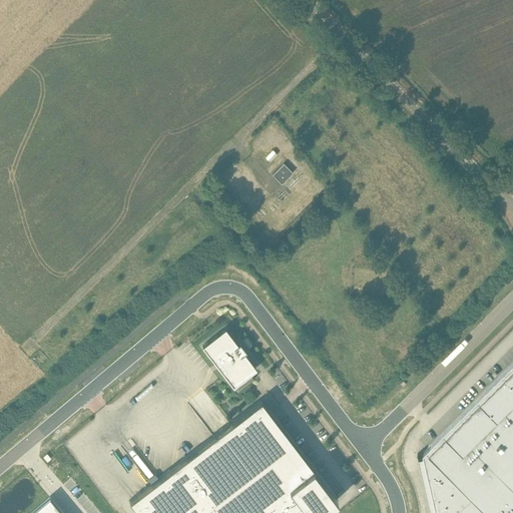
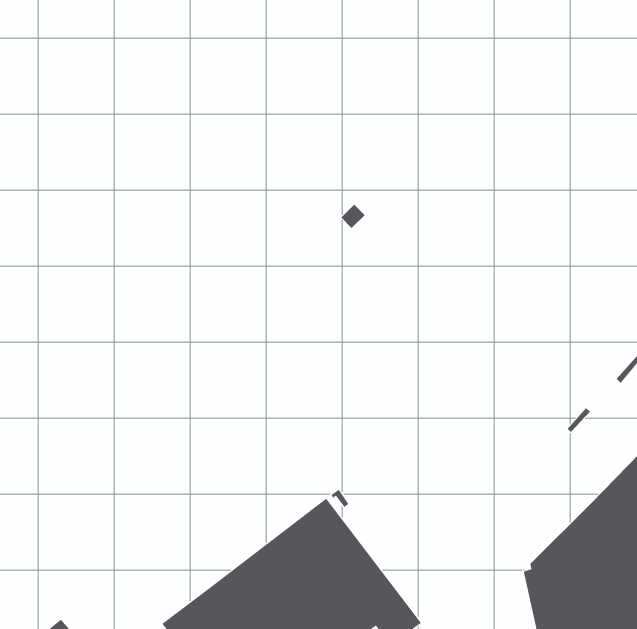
building: [204,336,259,393] -> none

